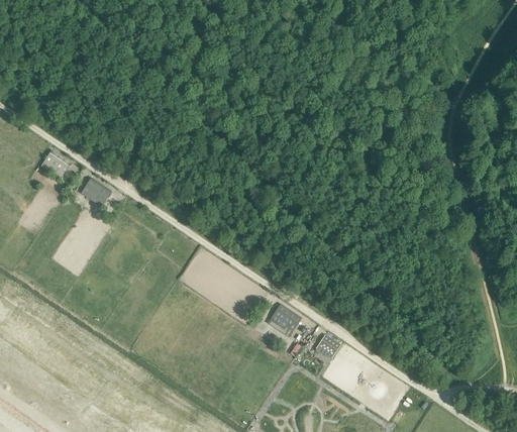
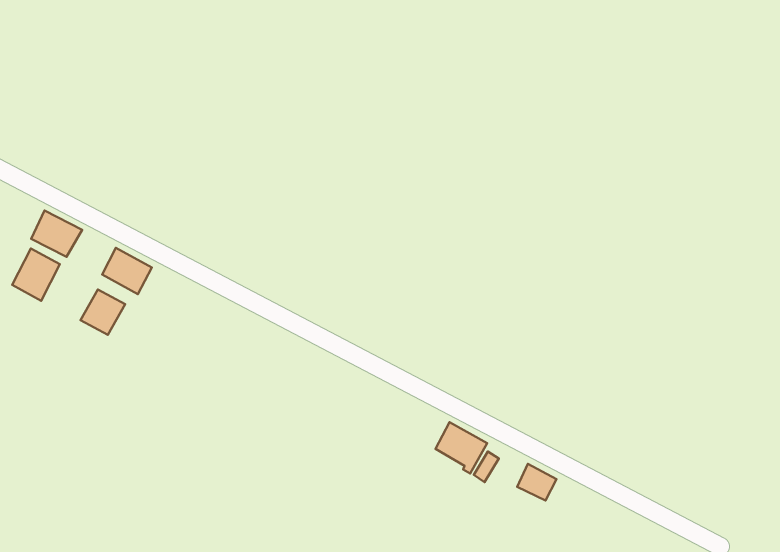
building: none -> [12,248,60,301]
building: none -> [81,289,125,335]

